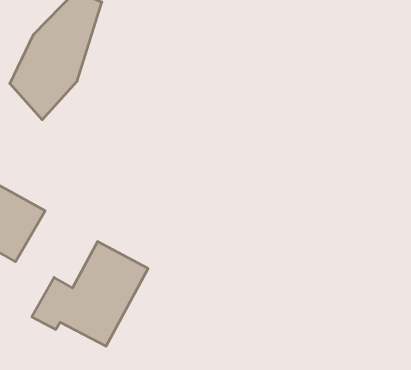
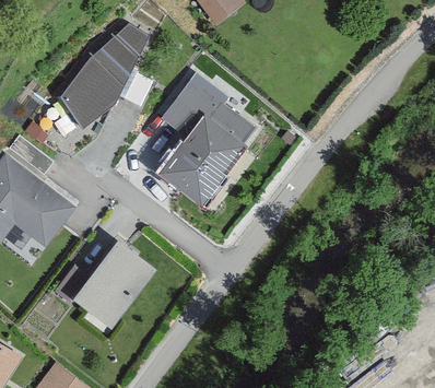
building: none -> [160,81,256,208]

